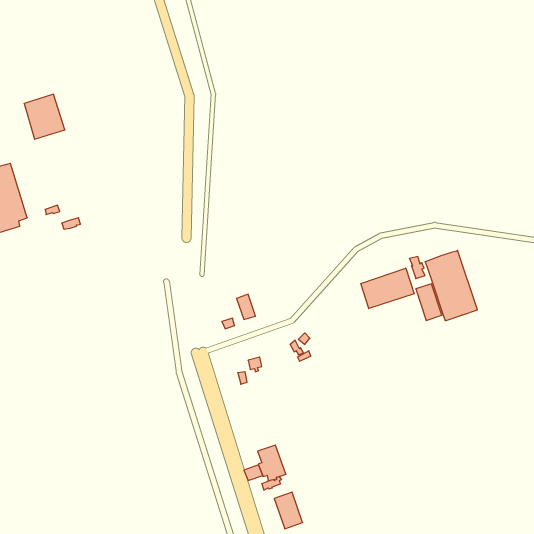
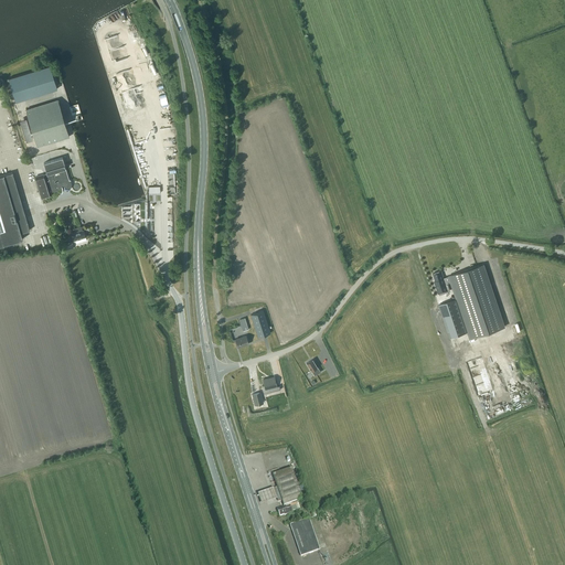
building: none -> [11,66,60,100]
building: none -> [34,158,71,199]
building: [361,268,414,309] -> none

